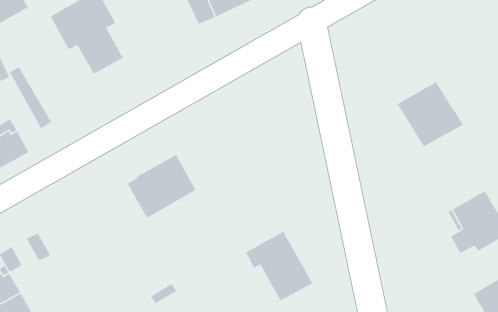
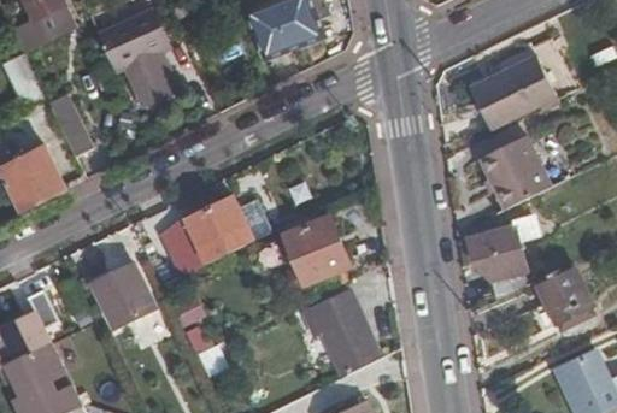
building: none -> [471,53,559,129]
building: none -> [468,216,535,299]
building: none -> [283,218,348,285]
building: none -> [89,264,151,328]

